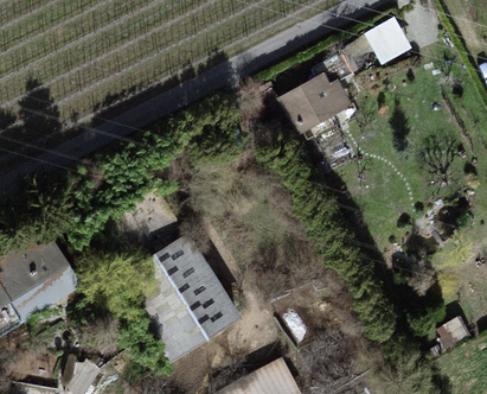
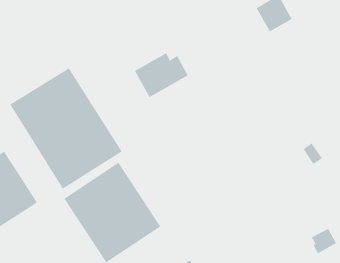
building: [280,78,350,136] -> [134,53,189,98]
building: none -> [10,67,122,190]

